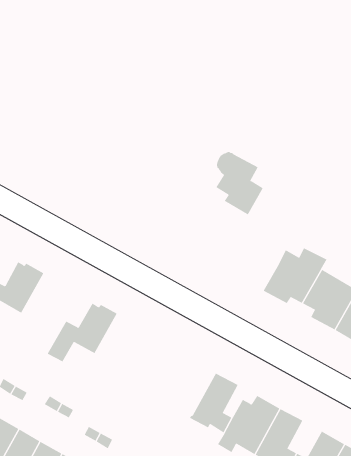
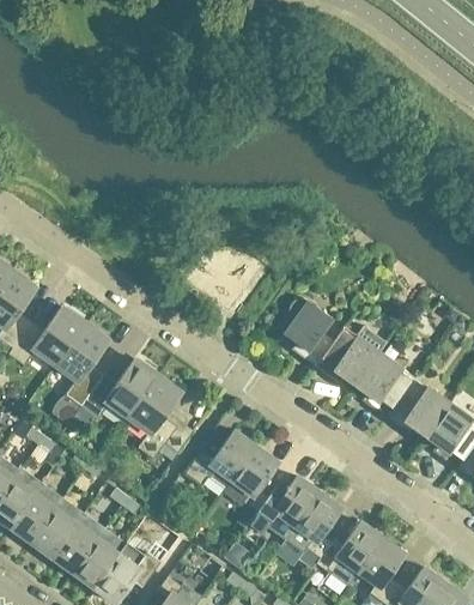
building: [215,151,263,215] -> [285,298,335,368]
building: none -> [60,322,110,407]
building: none -> [132,374,183,461]
building: none -> [184,431,256,490]

